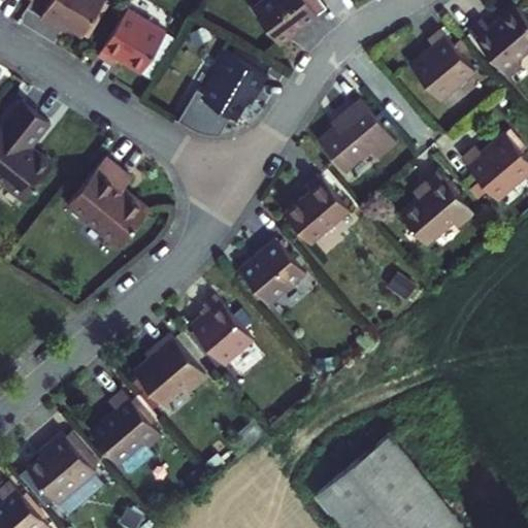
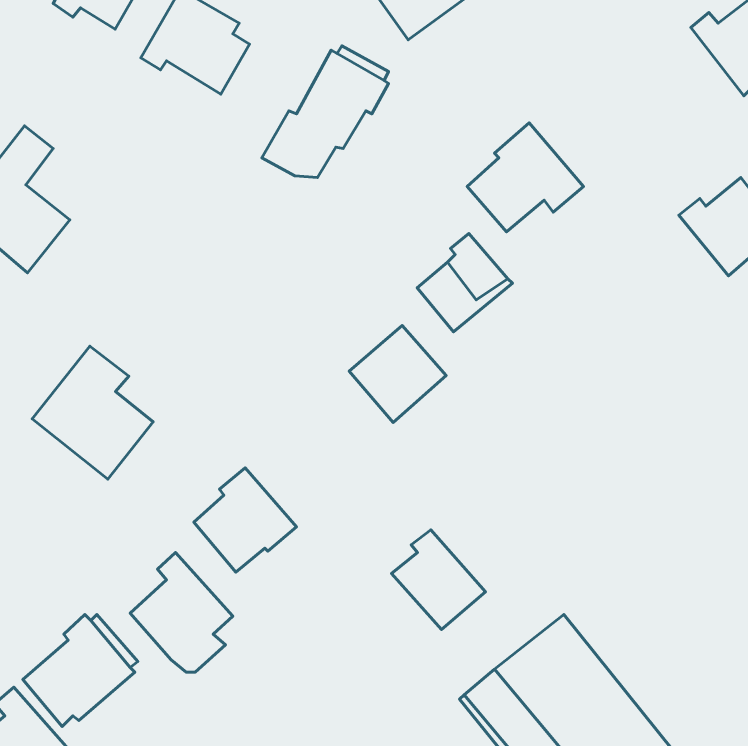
building: [412,30,477,101] -> none
building: [66,157,148,248] -> [32,346,153,479]
building: [403,176,477,249] -> none
building: [190,297,254,365] -> [392,530,485,630]

